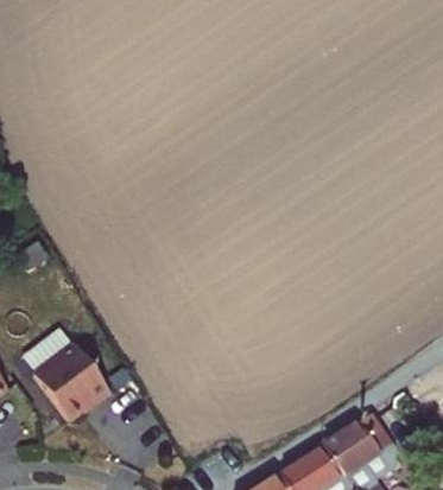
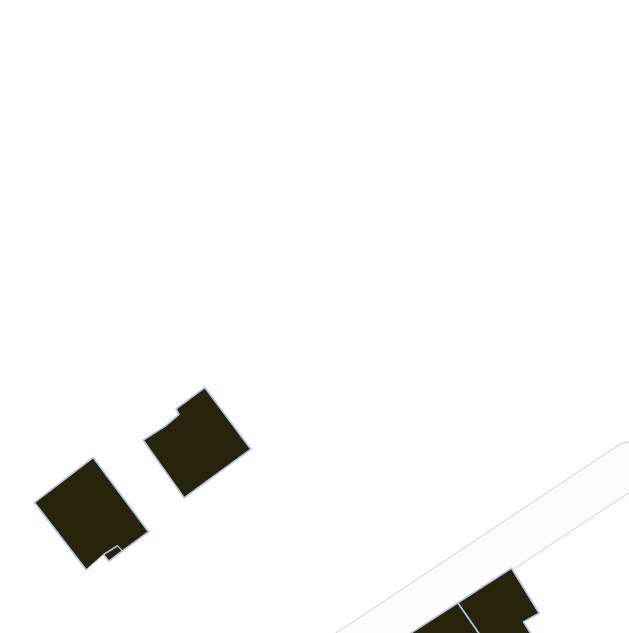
building: none -> [143,387,251,498]

